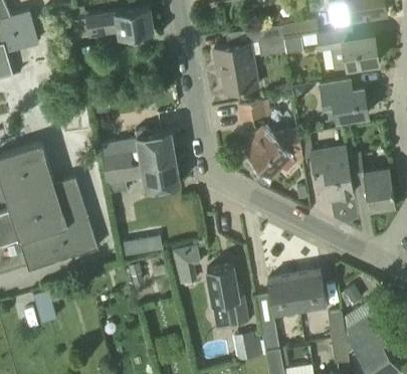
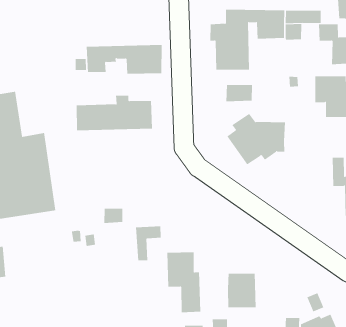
building: [311,149,354,200] -> none
building: [105,158,180,195] -> [86,44,162,74]
building: [293,272,326,310] -> none

